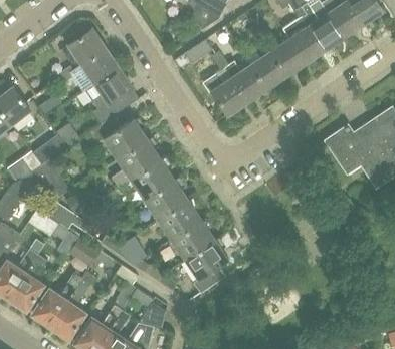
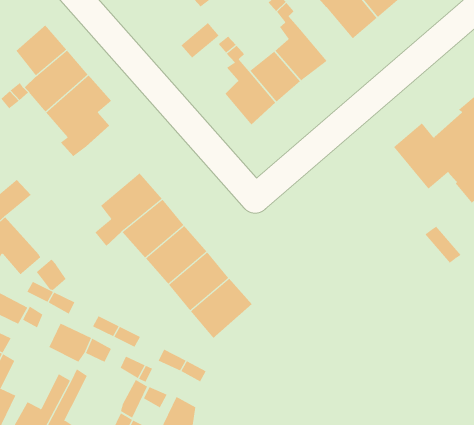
building: [262,36,305,75] -> none
building: [89,116,146,158] -> none
building: [184,239,228,293] -> none

